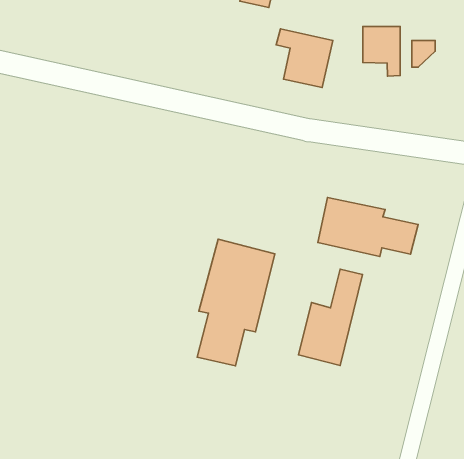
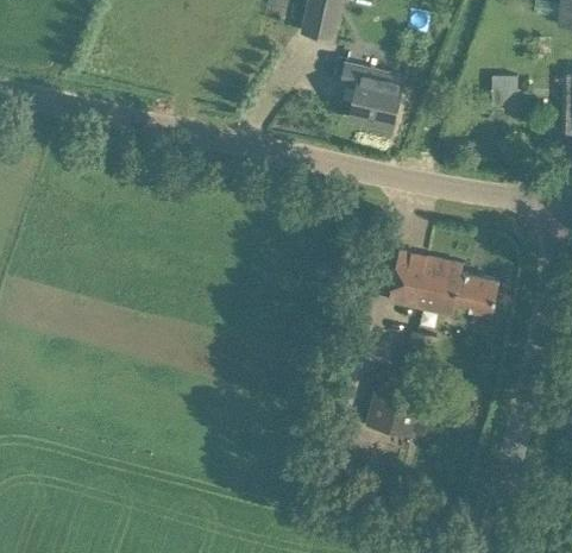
building: [363,26,400,76] -> none
building: [197,239,275,366] -> none

